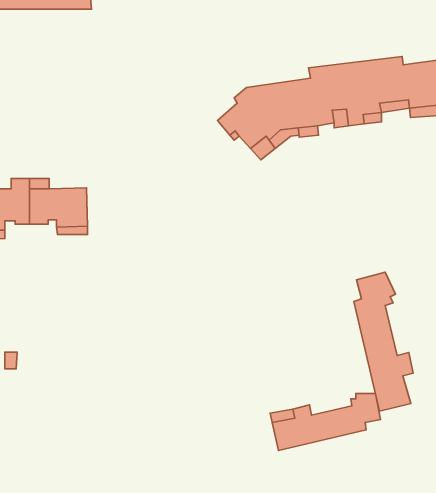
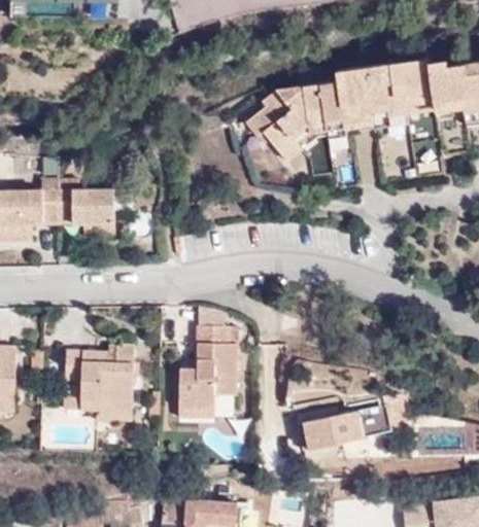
building: [354,272,413,411] -> none
building: none -> [179,328,238,410]
building: none -> [65,343,135,418]

